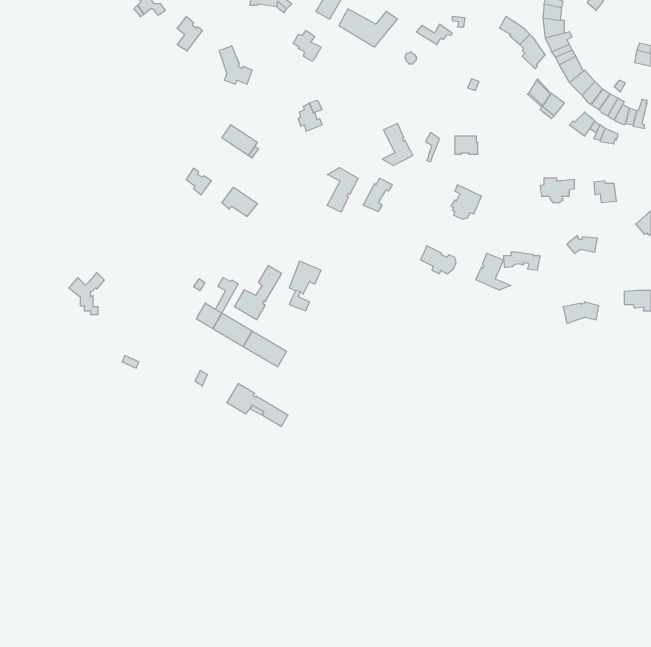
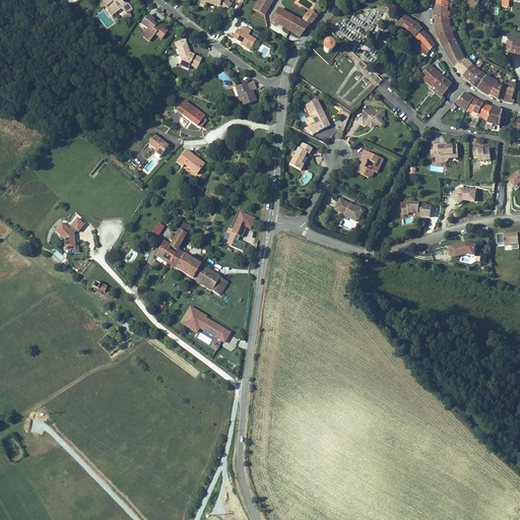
building: [327,168,358,212] -> none
building: [476,253,511,290] -> none
building: [234,265,281,320] -> none

